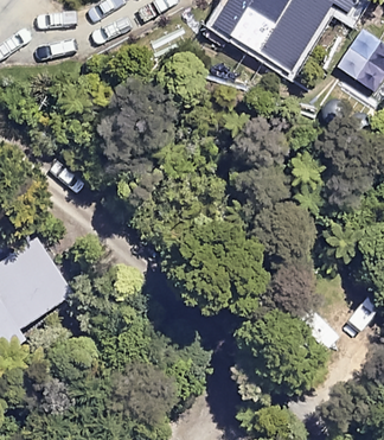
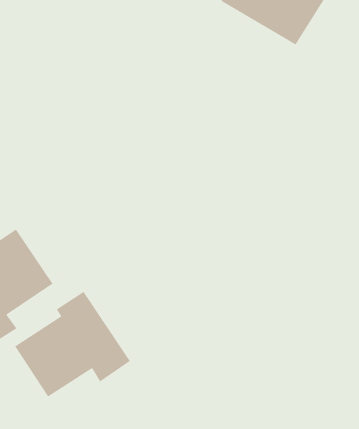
building: none -> [14,291,131,398]

